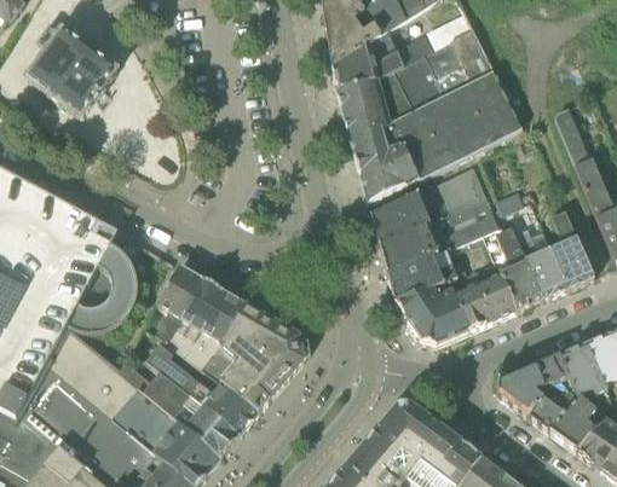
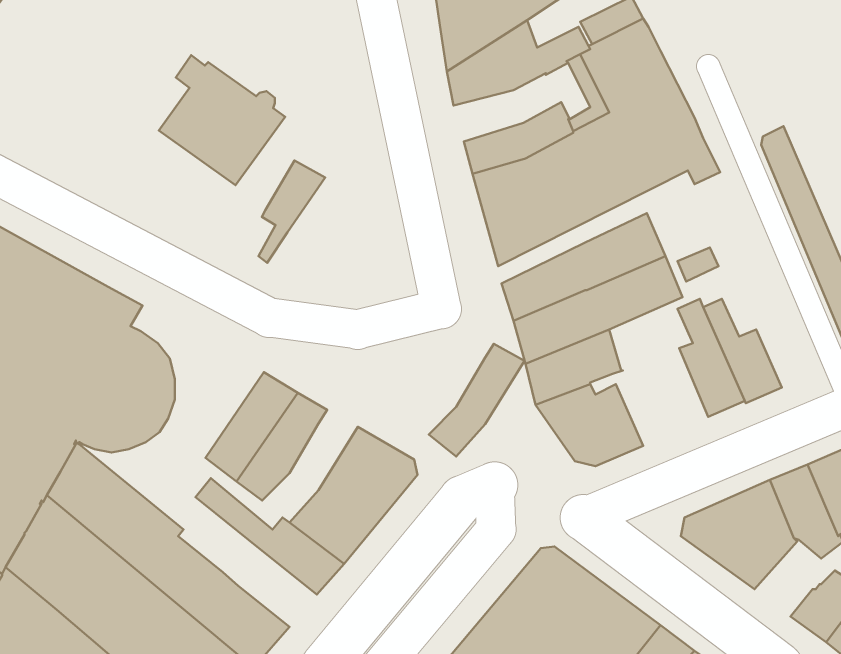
building: [27,25,116,117] -> [159,55,285,185]
building: [336,66,413,115] -> none
building: [550,209,594,289] -> none
building: [449,261,517,330] -> none
building: [155,266,202,338] -> [259,160,325,263]
building: [201,305,269,384] -> [429,344,525,457]
building: [142,371,191,419] -> none
building: [549,395,596,451] -> none
building: [184,406,240,458] -> none

